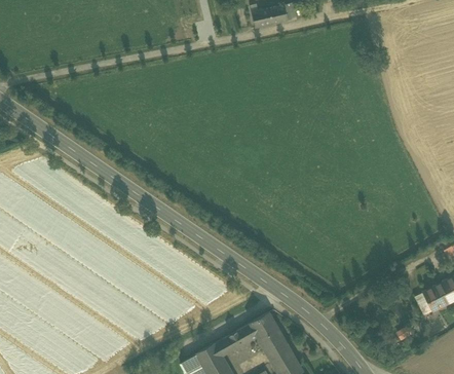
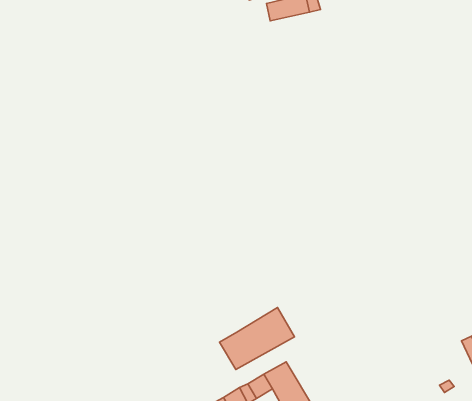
building: none -> [220,307,295,369]

